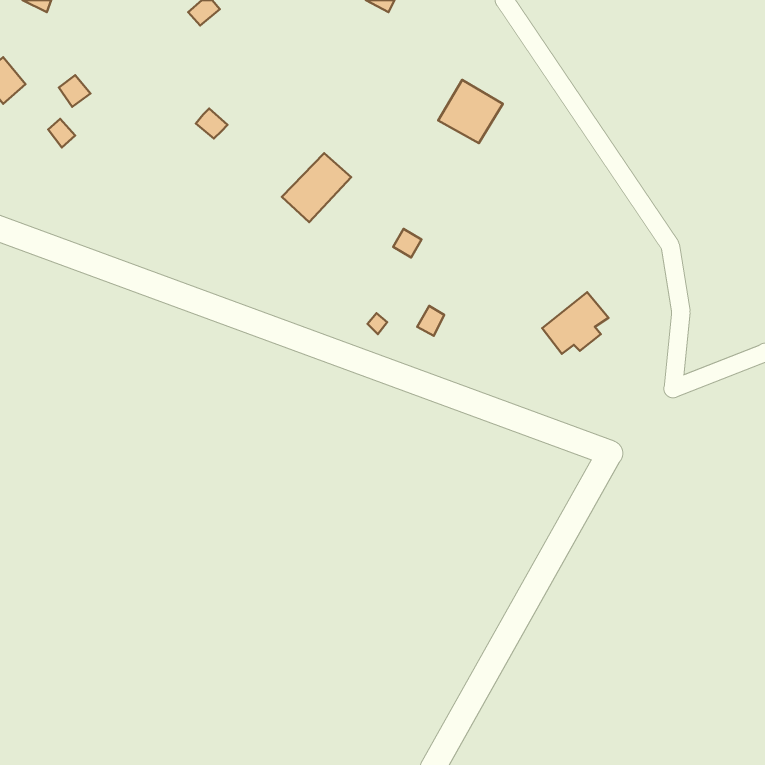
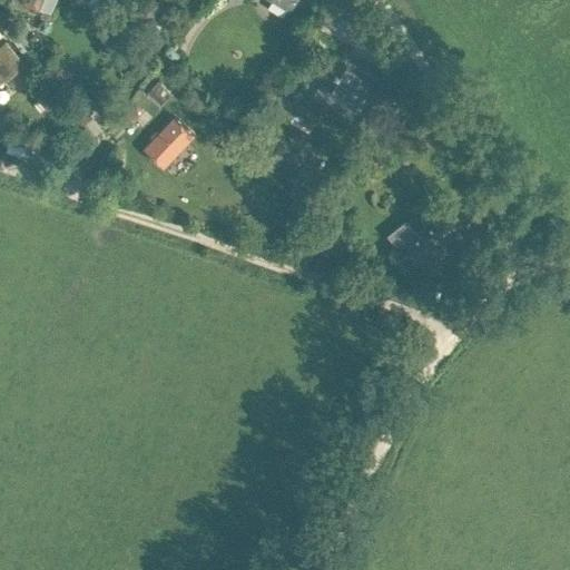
building: [282,153,351,222] -> [140,119,191,170]

